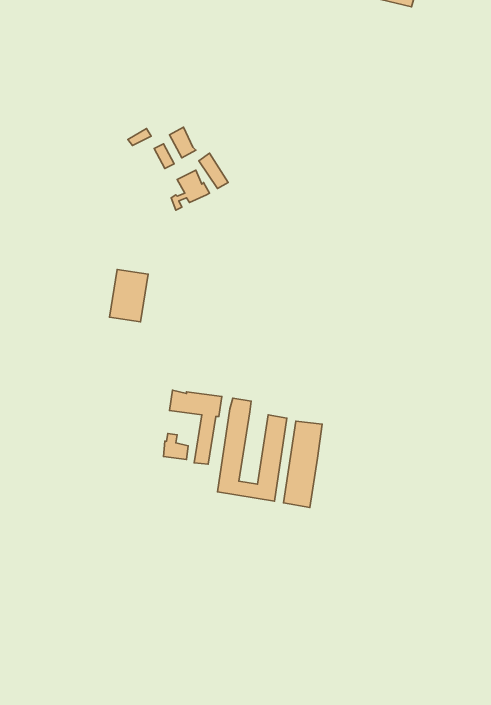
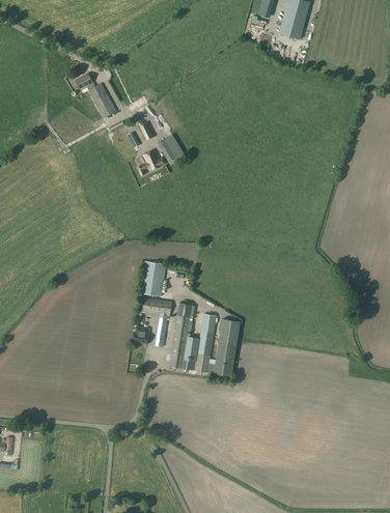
building: none -> [75,73,116,117]
building: [110,269,148,322] -> [140,260,166,295]

